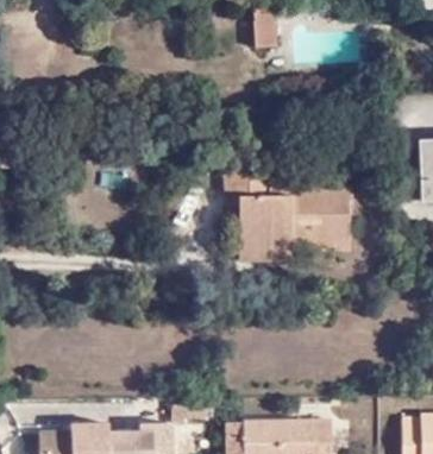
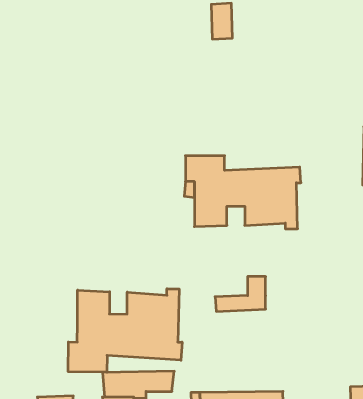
building: [238,225,291,261] -> [215,277,266,311]
building: none -> [68,289,182,372]

